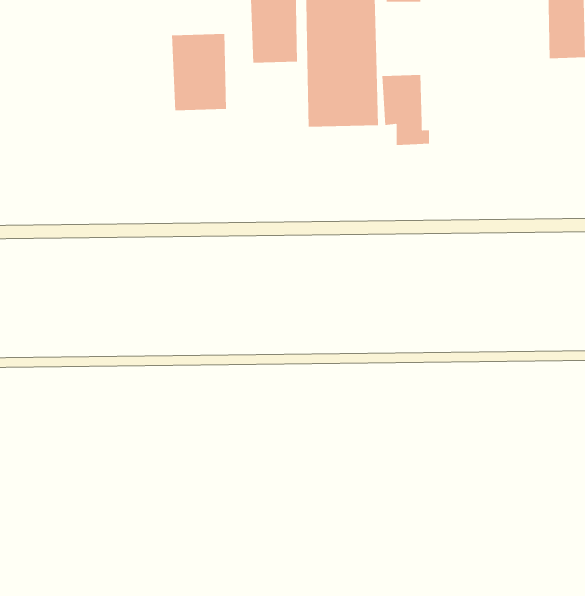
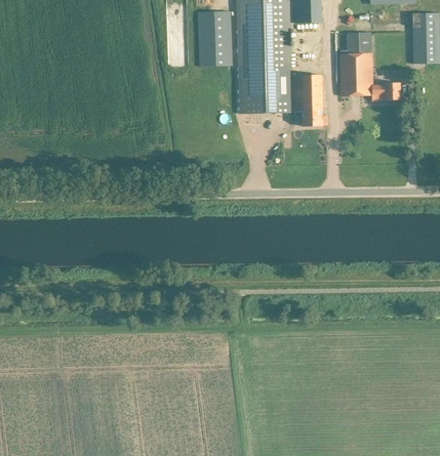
building: none -> [339,32,401,100]
building: [171,33,226,111] -> none

